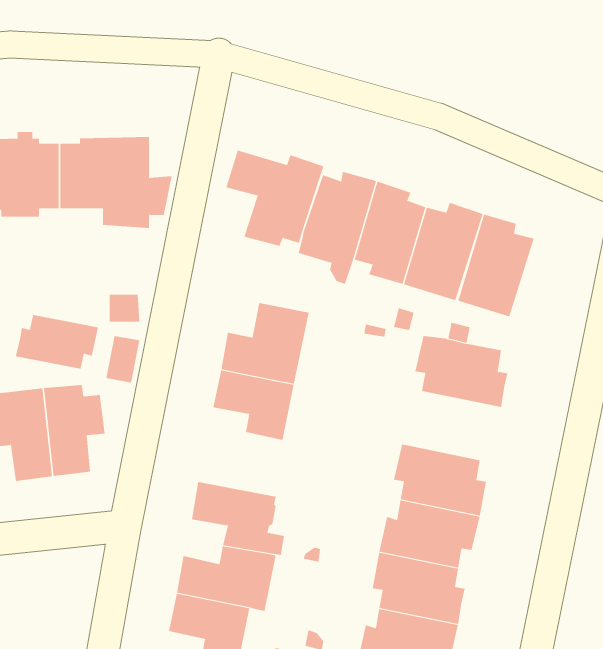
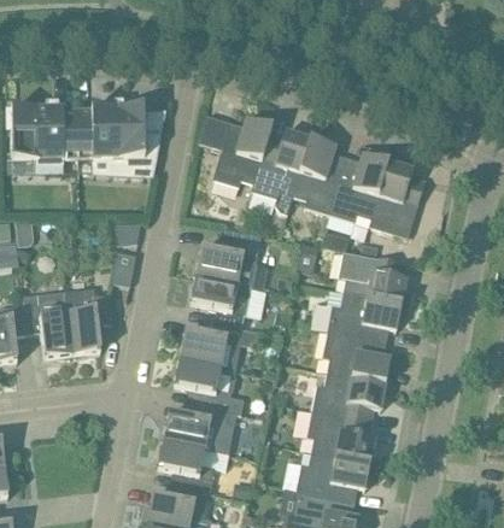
building: [15,314,98,369] -> none
building: none -> [326,289,402,342]
building: none -> [178,322,241,369]

